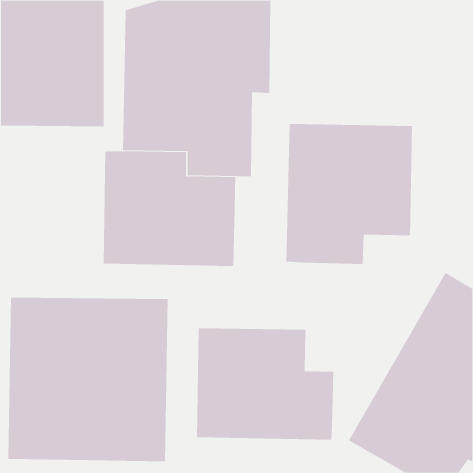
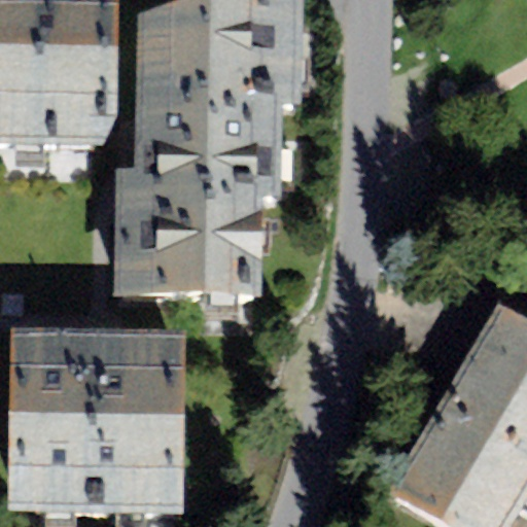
building: [286,123,413,265] -> none
building: [197,327,334,440] -> none

